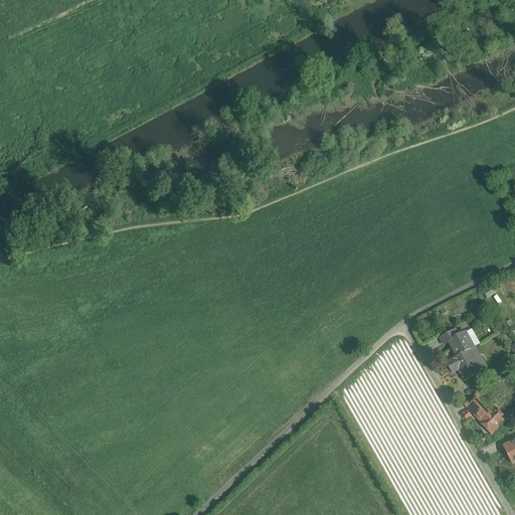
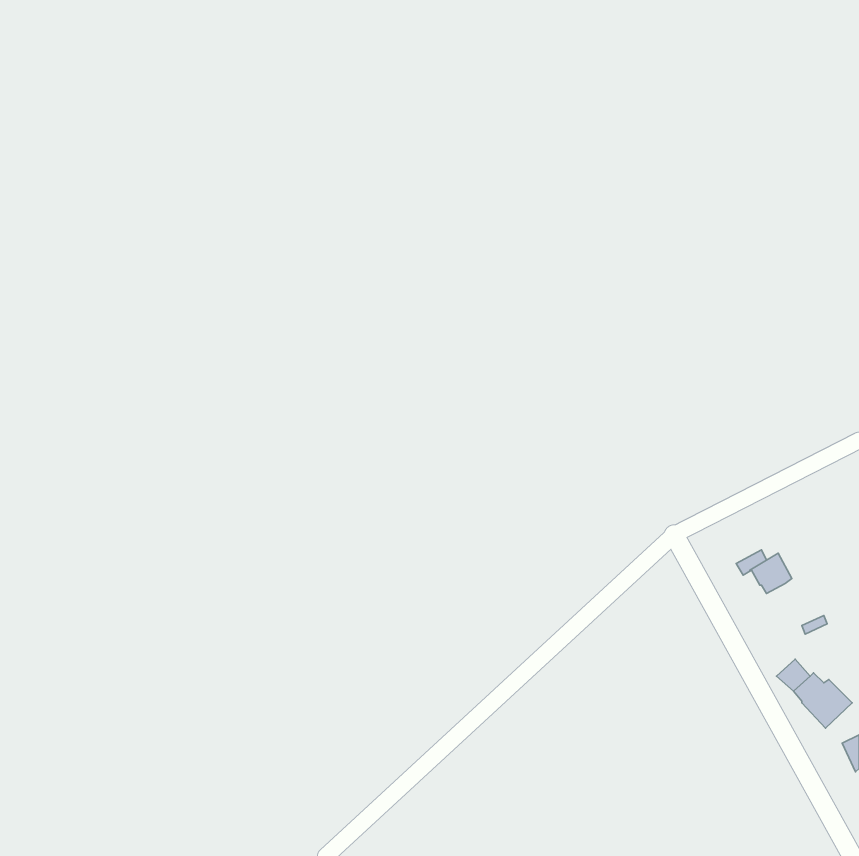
building: [447,349,482,379] -> none

